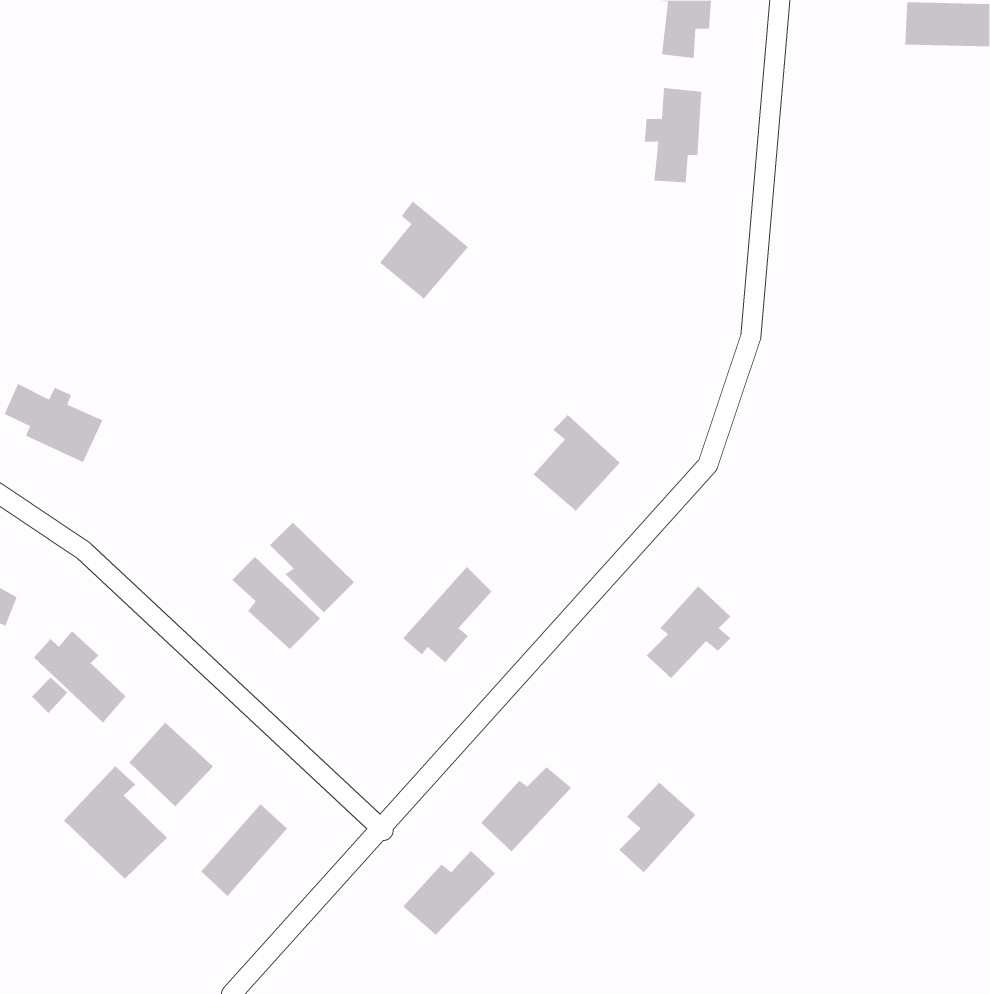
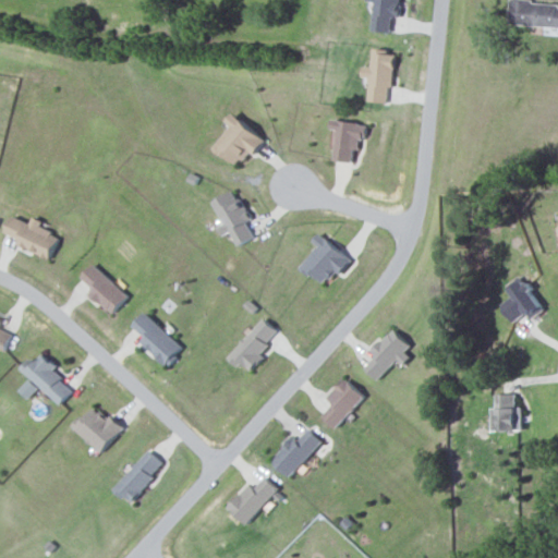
building: none -> [329,119,366,162]
building: none -> [211,190,252,245]
building: none -> [498,275,543,323]
building: [269,522,355,613] -> [78,263,126,314]
building: none -> [488,395,521,430]
building: [63,766,168,879] -> none
building: [618,782,696,873] -> [320,378,364,429]

